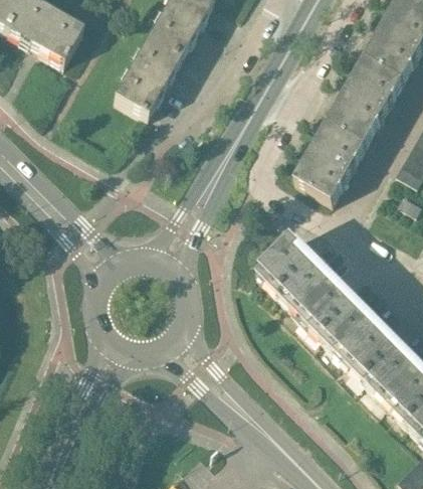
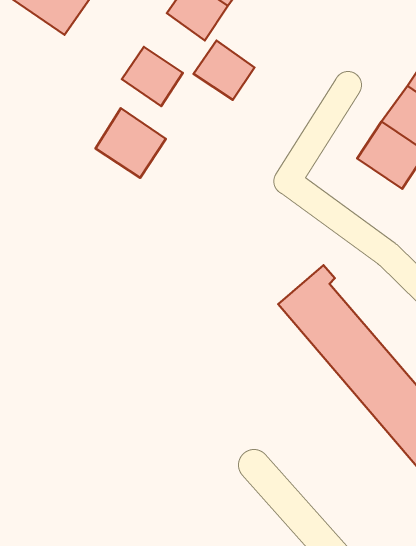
building: [132,35,182,84] -> [193,40,255,100]
building: none -> [96,108,166,178]
building: [297,144,355,197] -> none

